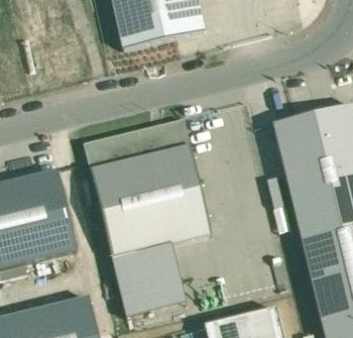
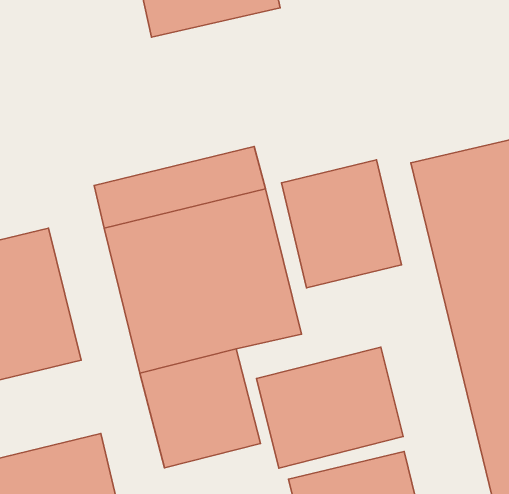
building: none -> [282,160,401,288]
building: none -> [257,347,403,468]

